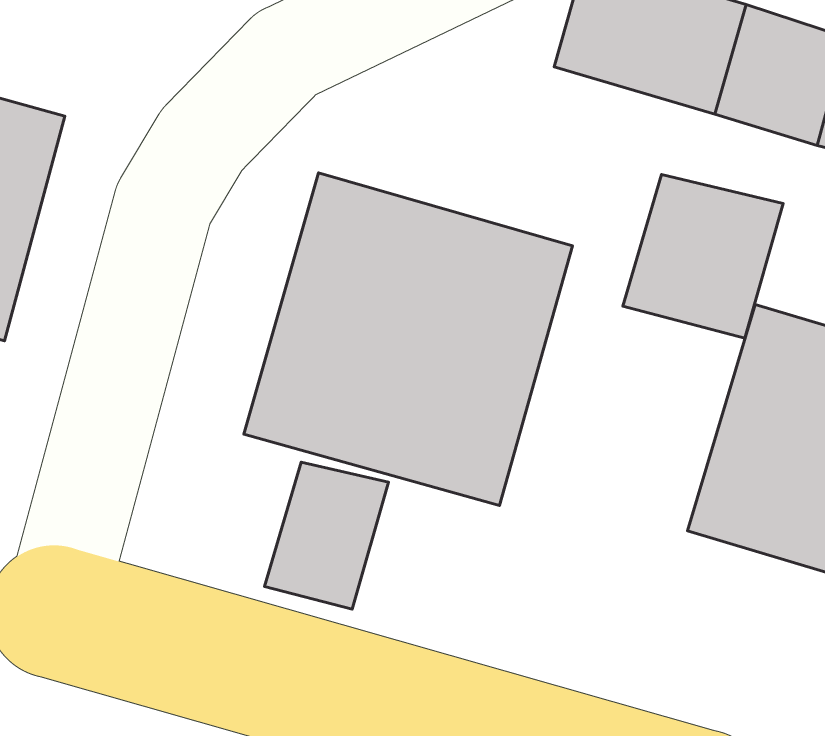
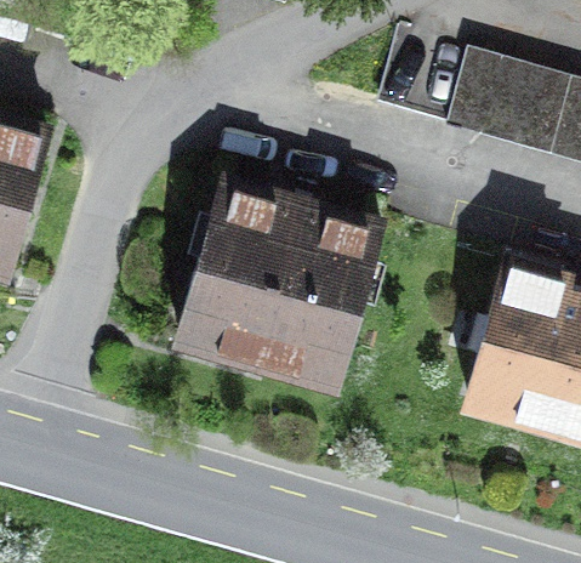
building: [623,175,783,338] -> none
building: [265,462,389,609] -> none

